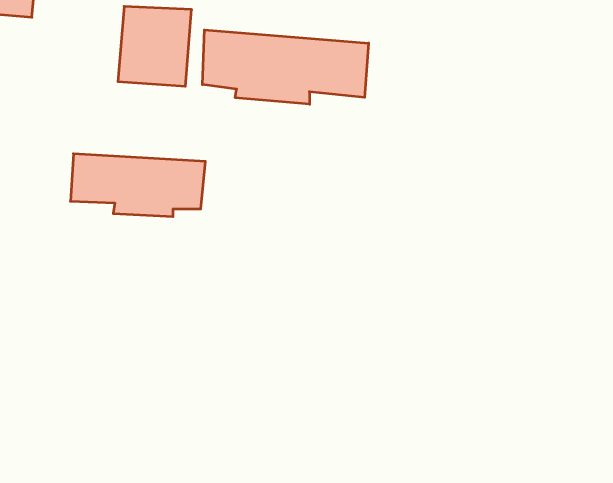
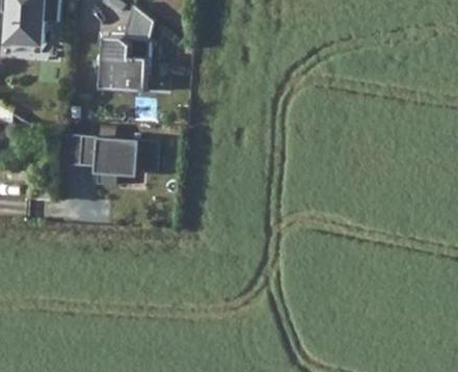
building: [202,30,369,104] -> none

